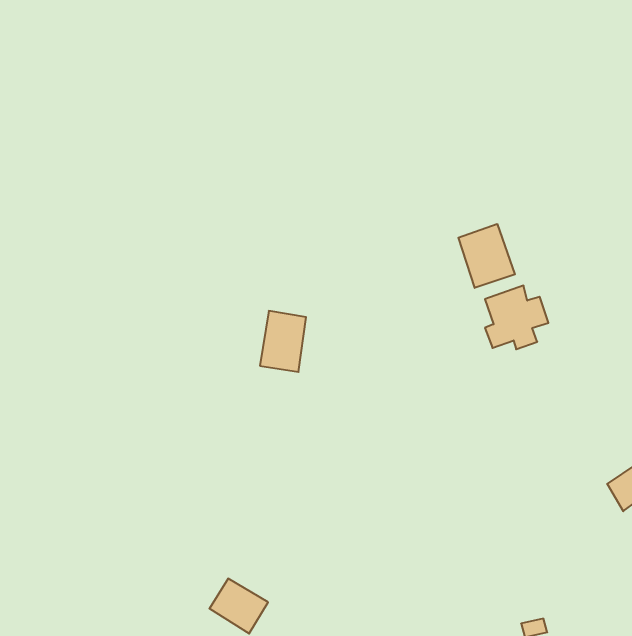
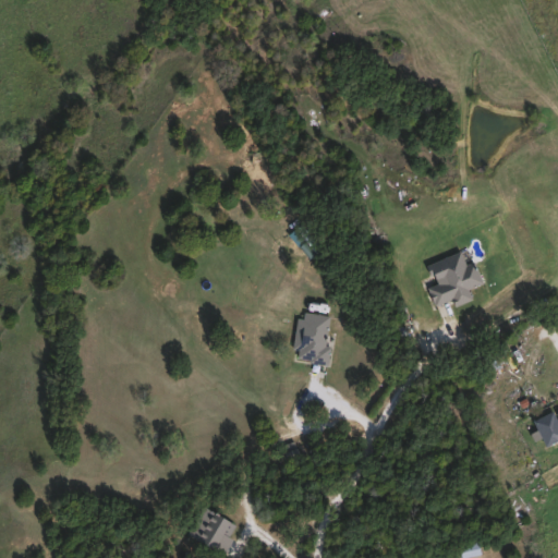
building: [458,224,515,288] -> none
building: [260,311,306,372] -> [293,311,333,364]

